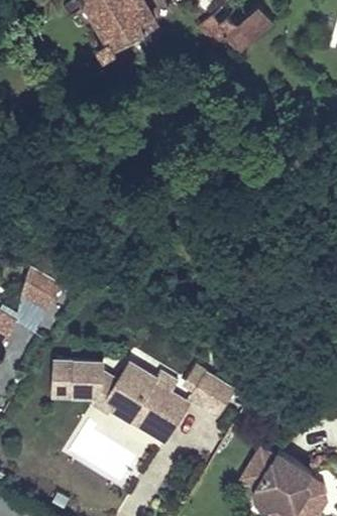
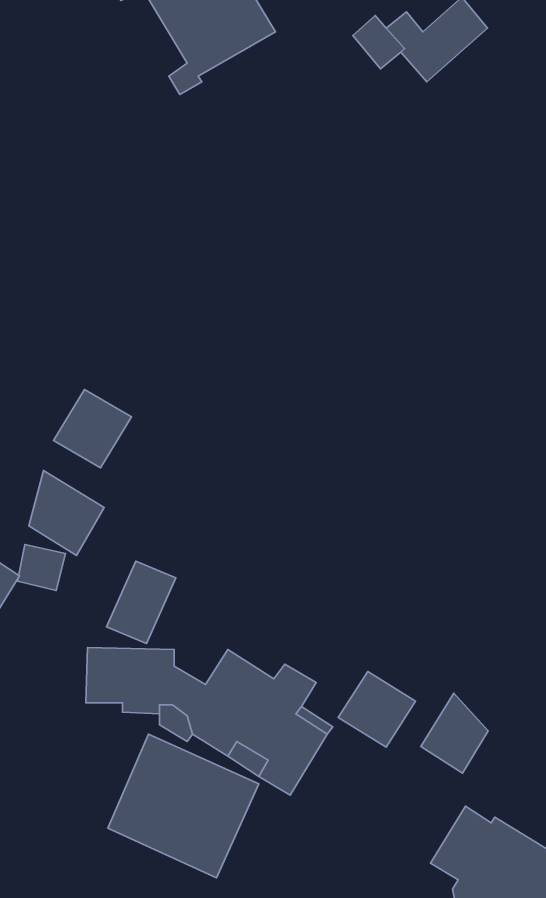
building: none -> [54,390,131,468]
building: none -> [106,561,176,644]
building: none -> [421,693,488,773]

